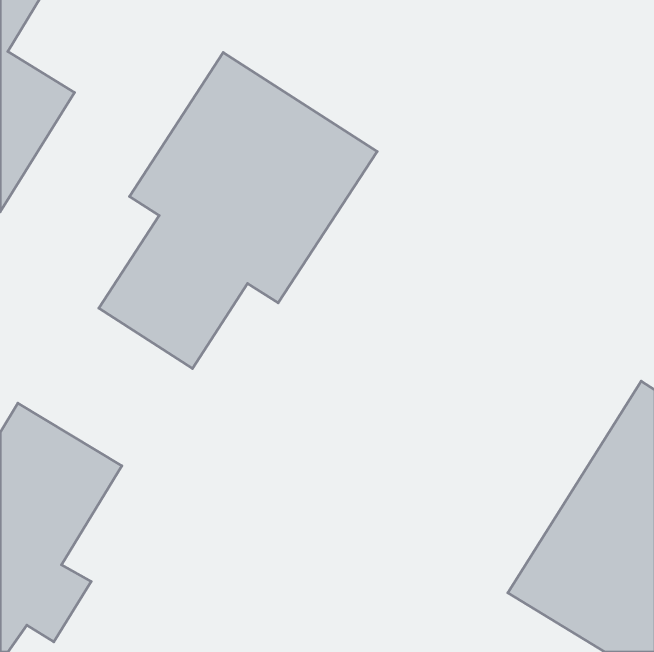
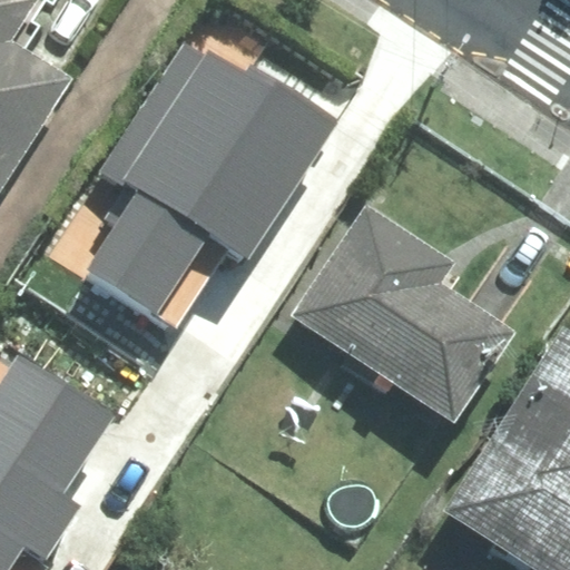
building: none -> [293,209,511,422]

